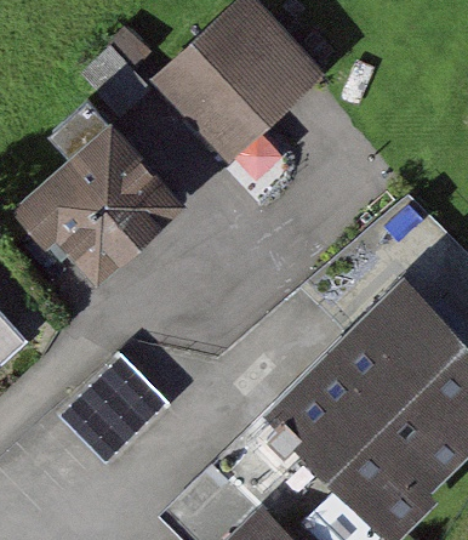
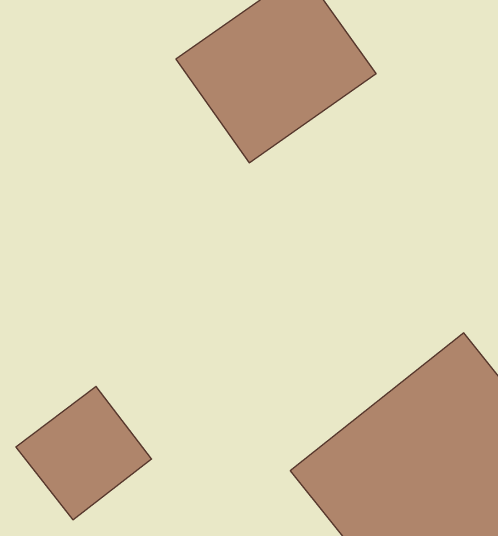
building: [24,124,183,282] -> none

